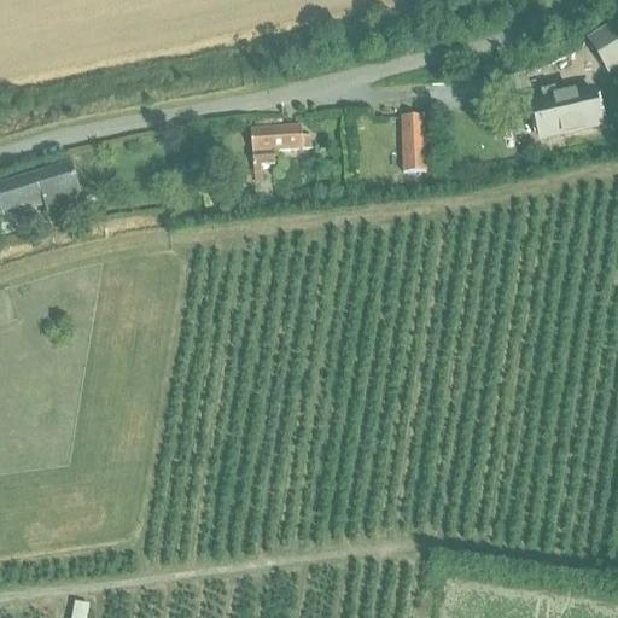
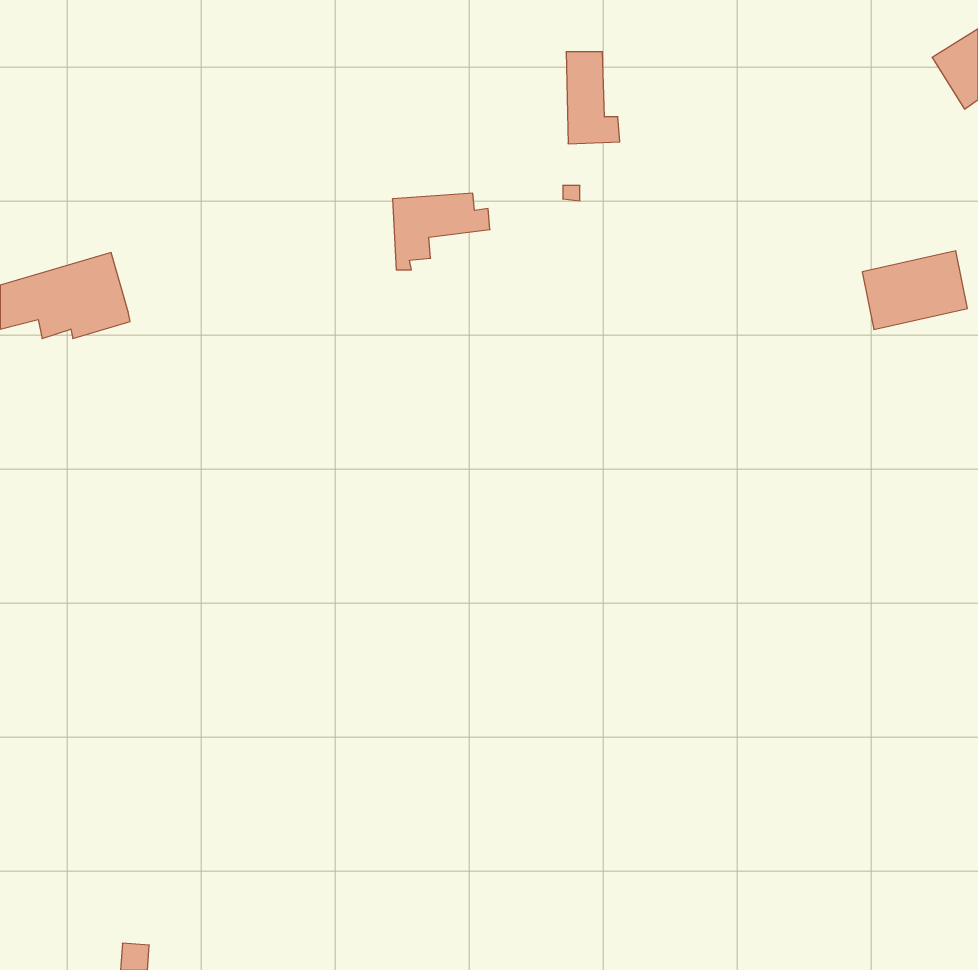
building: [532,87,599,136] -> [862,251,967,329]
building: [400,112,433,170] -> [566,52,620,144]

